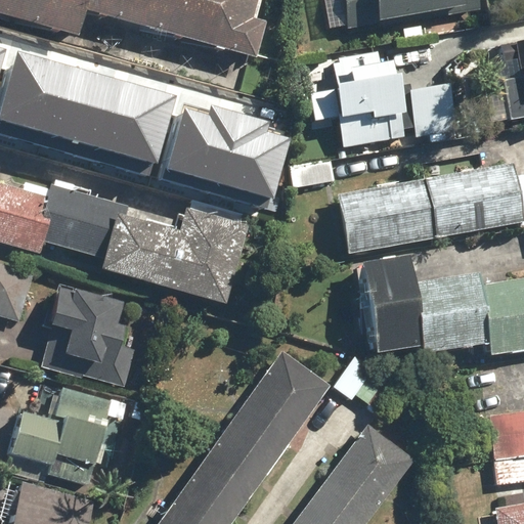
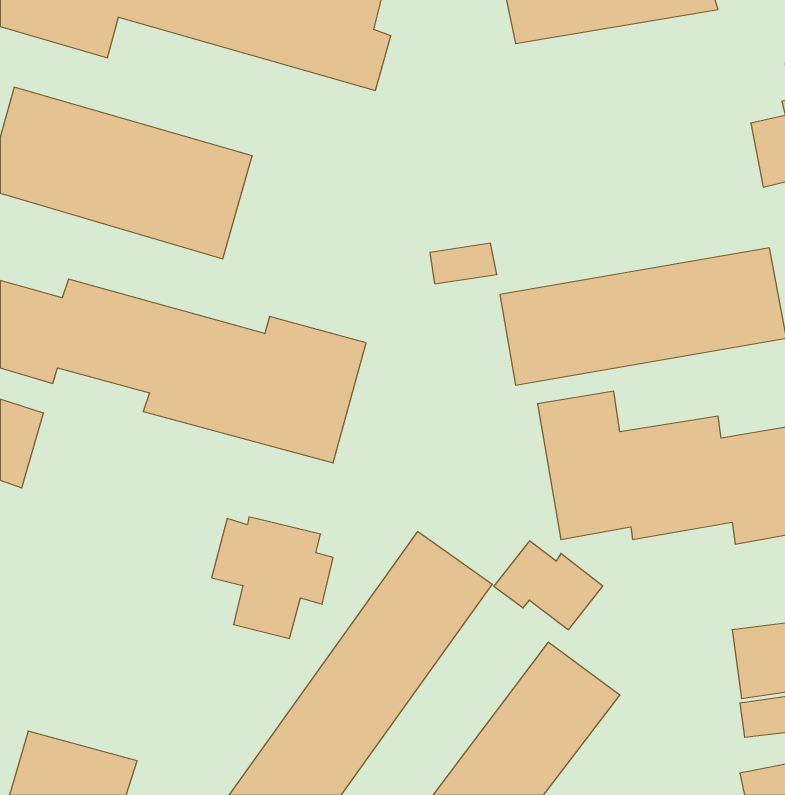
building: [331,50,406,146] -> none
building: [407,85,458,137] -> none
building: [168,110,290,204] -> none
building: [51,287,131,366] -> [212,517,333,638]
building: [11,388,113,486] -> none

